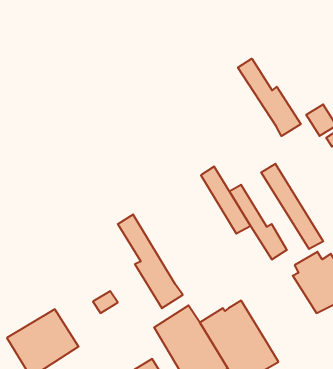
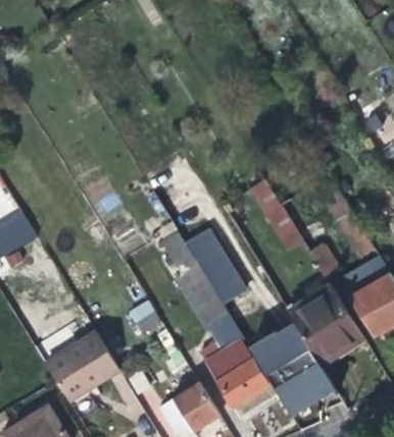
building: [238,59,301,136] -> none
building: none -> [177,215,245,305]
building: none -> [286,283,363,365]

